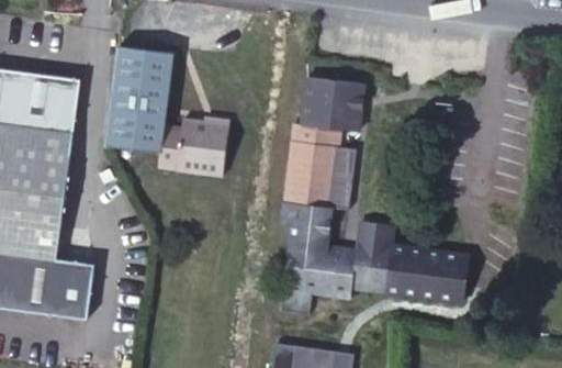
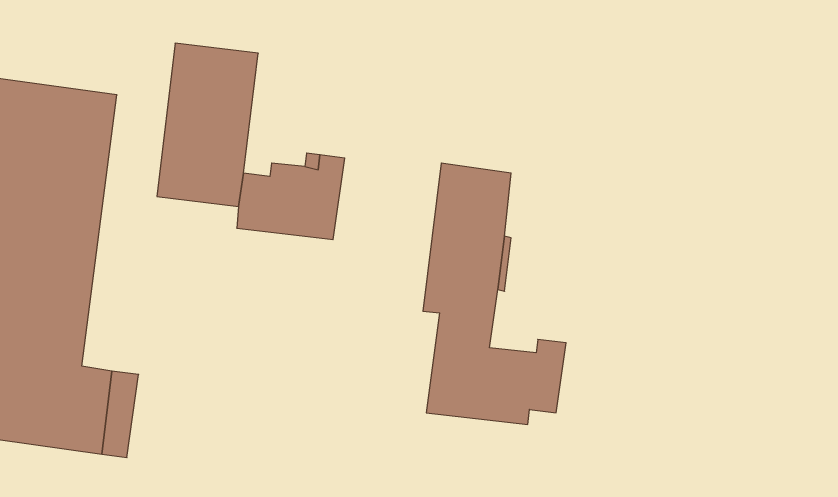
building: [301,78,362,133] -> none
building: [357,222,468,302] -> none

